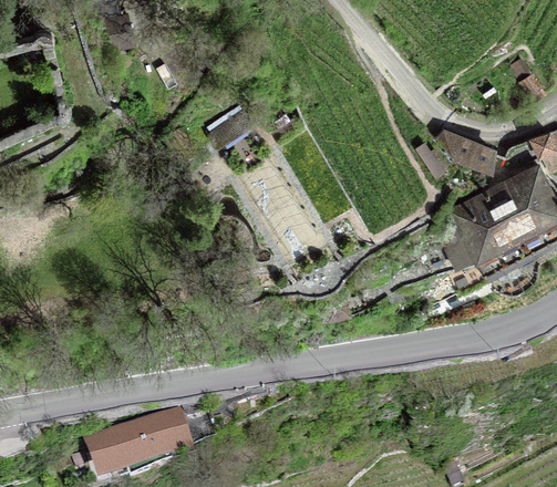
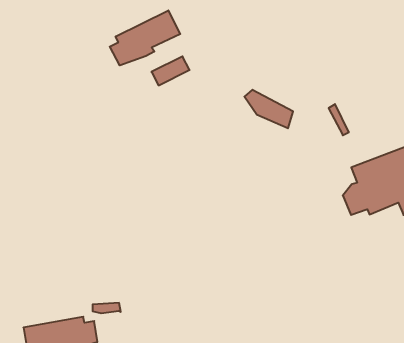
building: none -> [110,10,180,65]
building: [436,129,494,168] -> [244,90,293,128]

